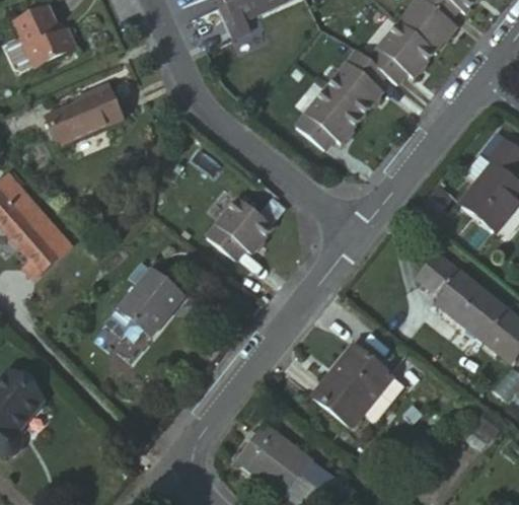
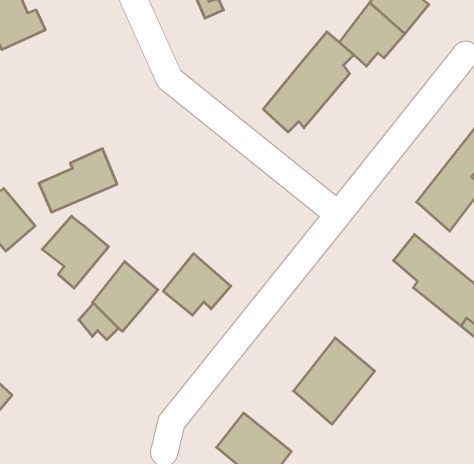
building: [46,87,122,149] -> [39,149,117,212]
building: [202,195,268,255] -> [163,254,231,315]
building: none -> [42,216,109,288]

